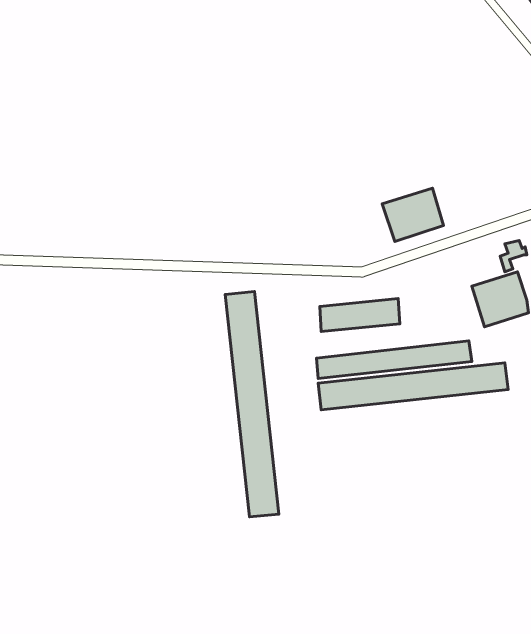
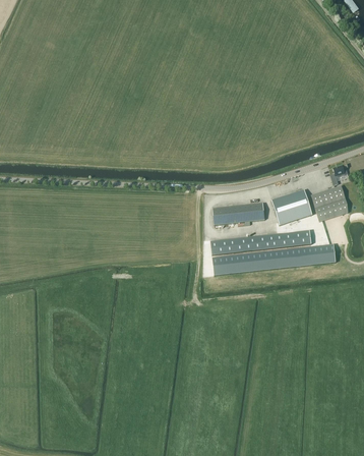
building: [382,188,443,241] -> [272,189,312,224]
building: [225,291,279,517] -> none

